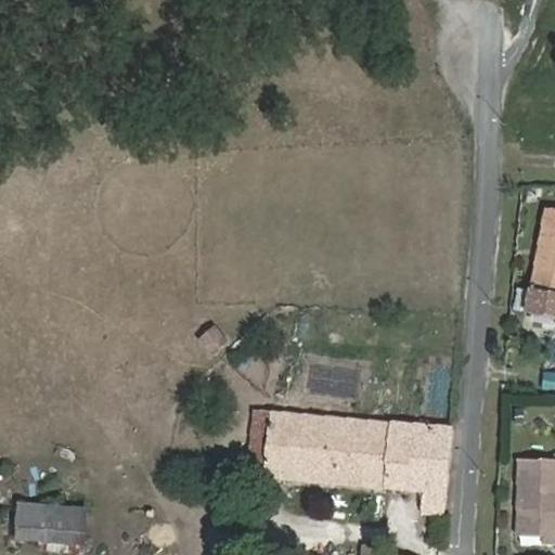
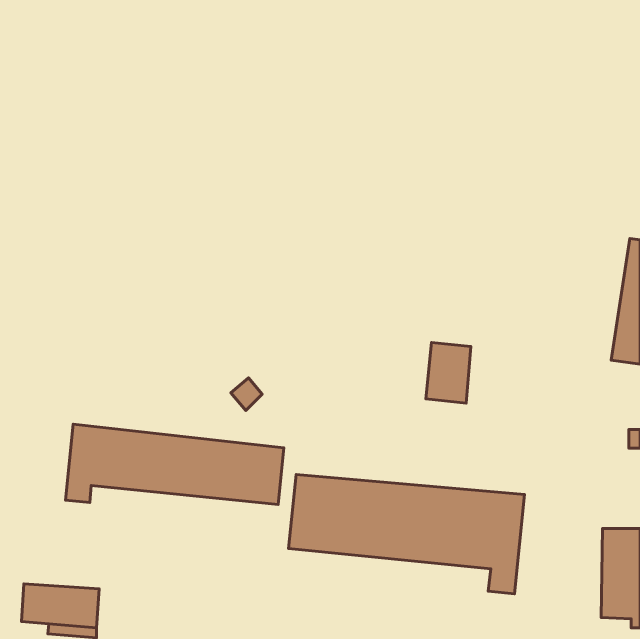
building: none -> [426,342,471,403]
building: none -> [65,424,284,505]

